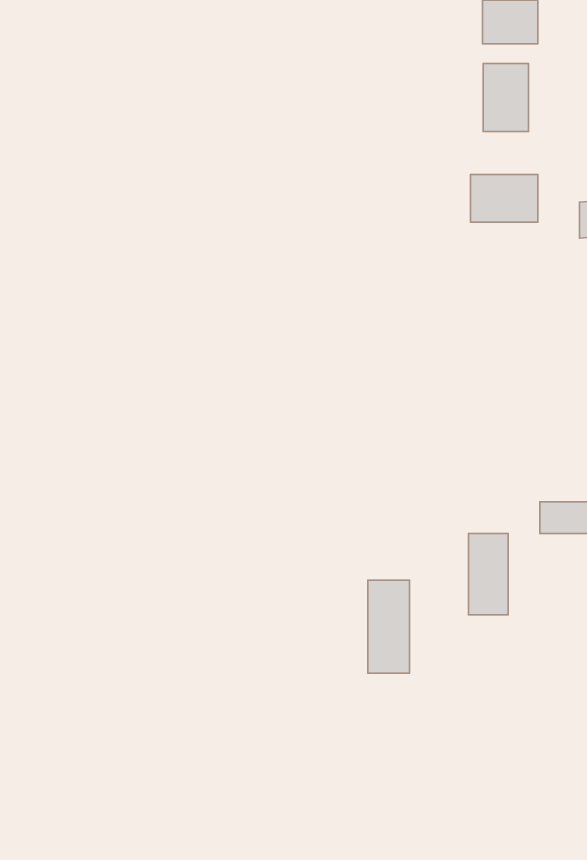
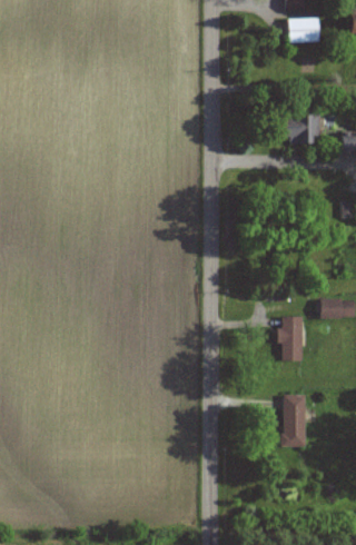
building: [483,64,528,132] -> none
building: [368,580,410,673] -> [283,394,306,446]

